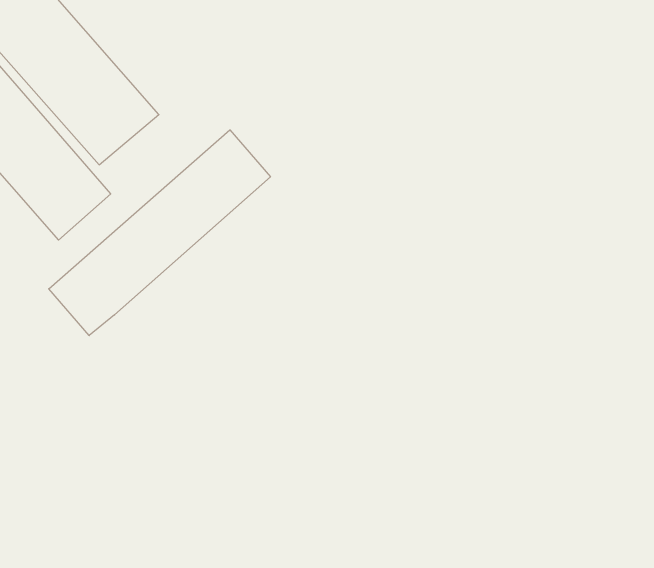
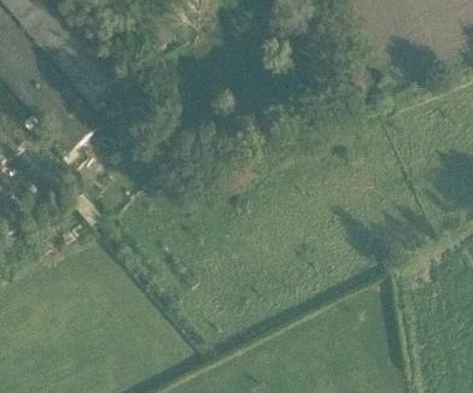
building: [49,130,270,336] -> none

